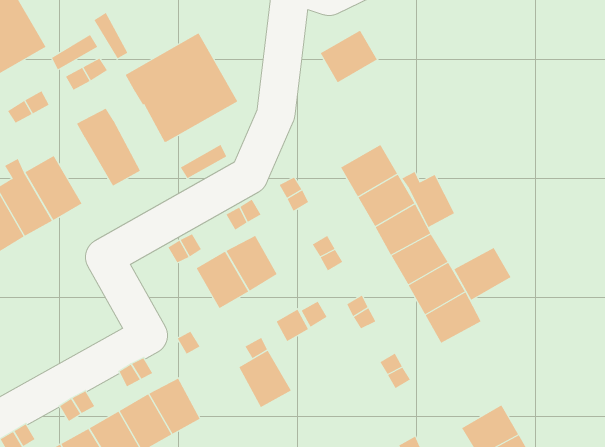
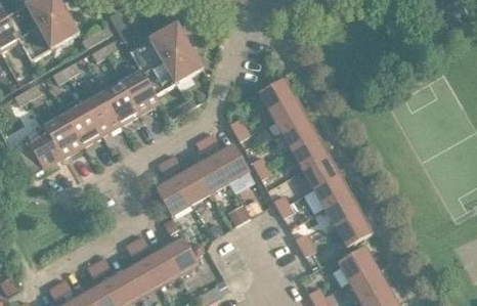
building: [320,30,378,83] -> [258,77,296,112]
building: none -> [122,62,160,114]
building: none -> [83,92,121,135]
building: [402,171,455,228] -> none
building: none -> [214,143,249,181]
building: [453,247,512,301] -> [335,212,373,247]
building: none -> [156,177,190,215]
building: [238,350,292,408] -> [164,237,199,275]
building: none -> [337,247,375,281]

